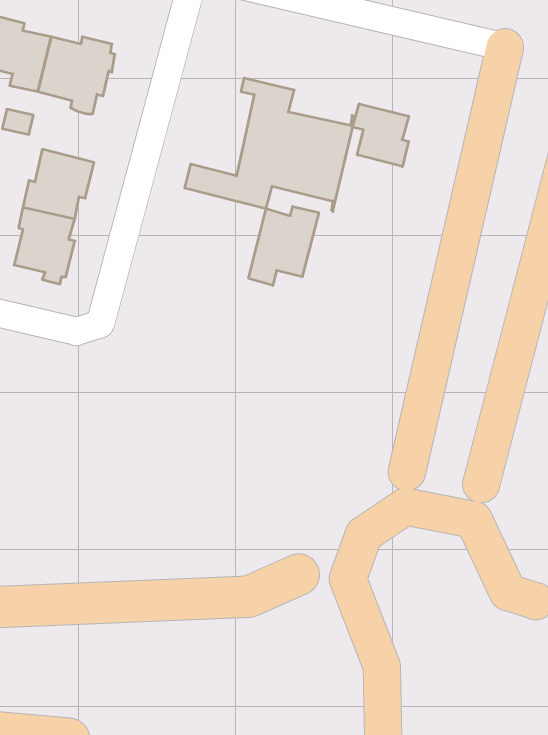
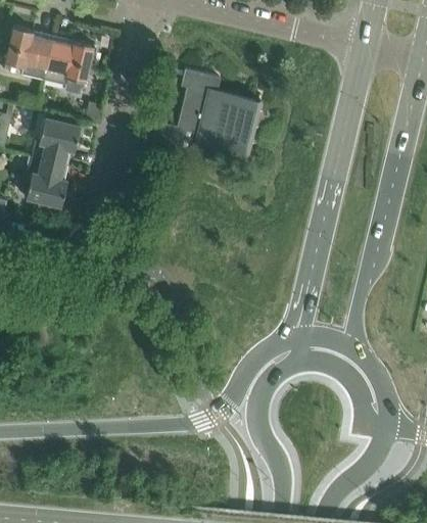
building: [353,104,409,167] -> none
building: [249,206,319,286] -> none

